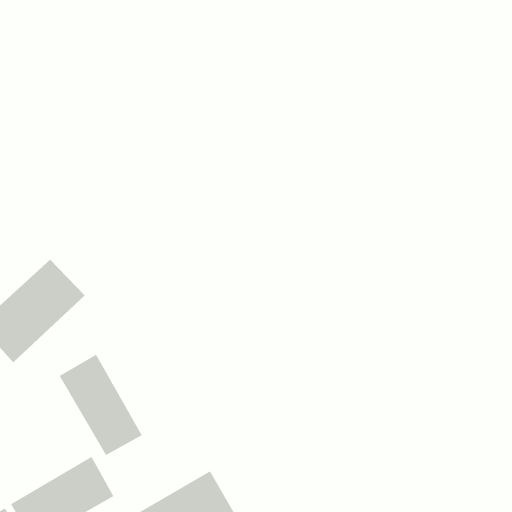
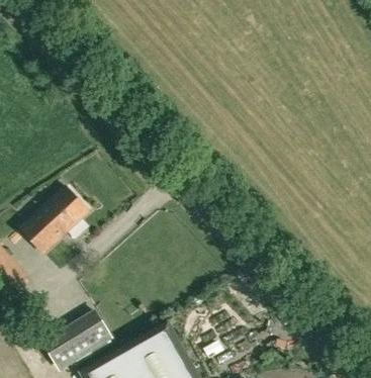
building: [59,354,143,456] -> none

